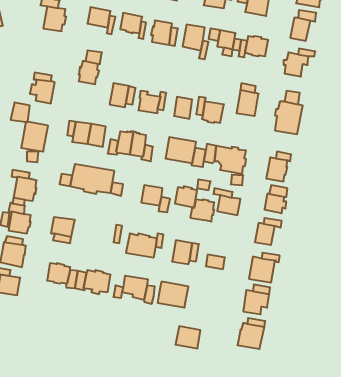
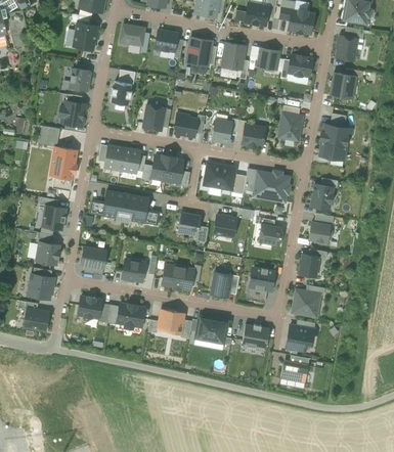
building: none -> [69,69,90,92]
building: [190,199,214,222] -> [248,268,273,291]
building: none -> [122,261,145,281]
building: [175,326,200,348] -> [242,324,268,348]

